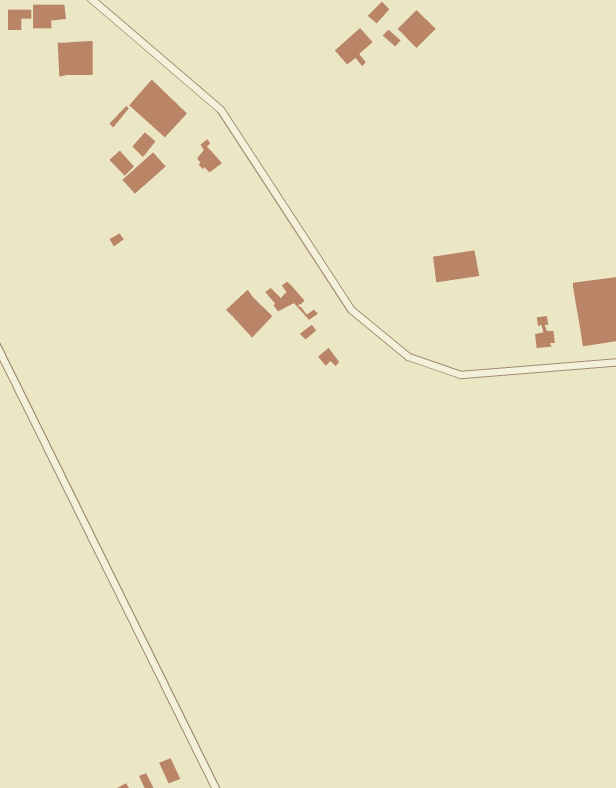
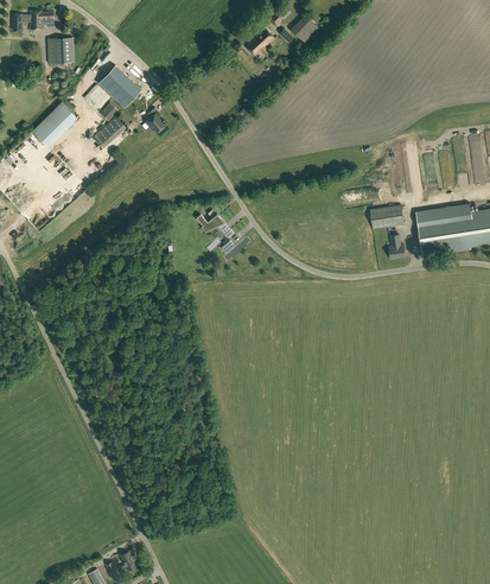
building: none -> [32,101,78,147]
building: [432,250,480,283] -> [370,204,405,228]
building: [225,289,273,338] -> none

